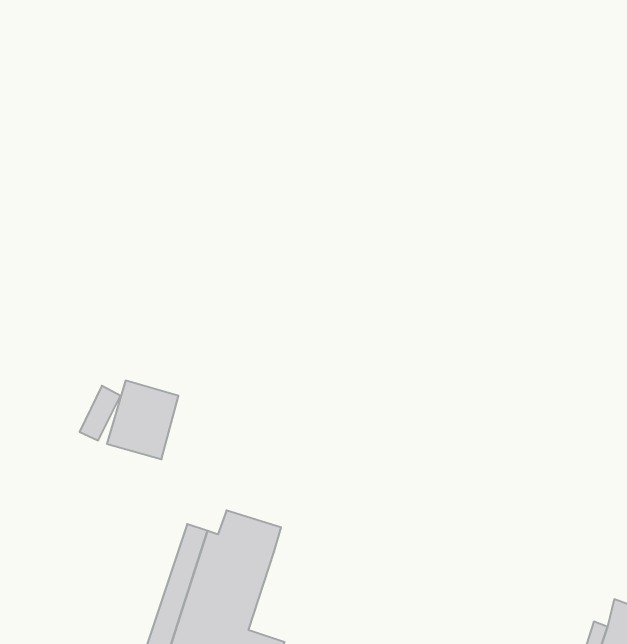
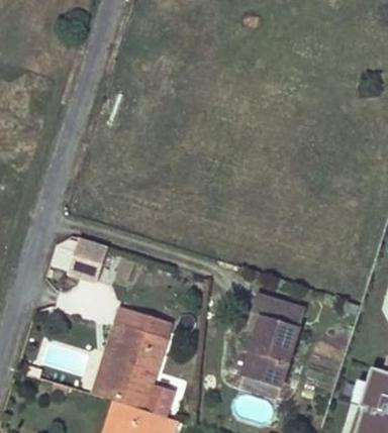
building: none -> [240,291,303,385]

